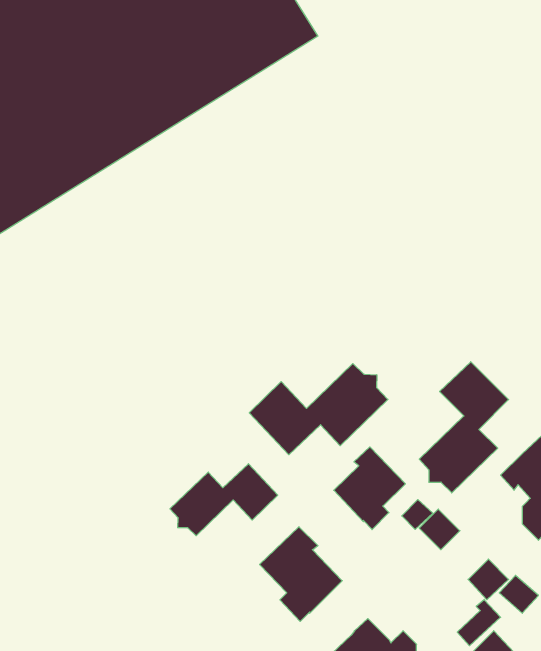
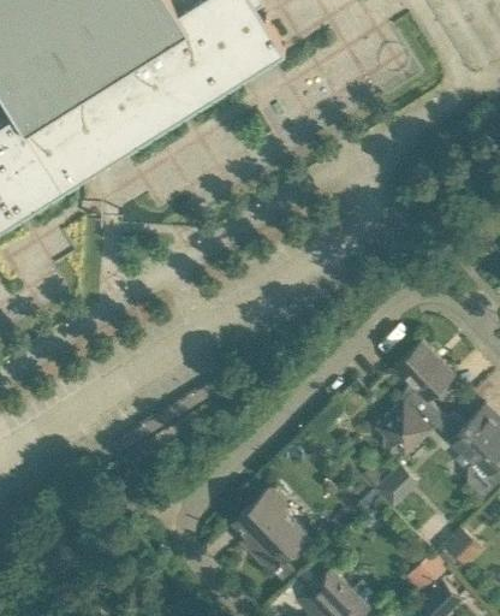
building: [249,364,388,455] -> none
building: [334,447,405,530] -> none
building: [170,464,278,536] -> none

